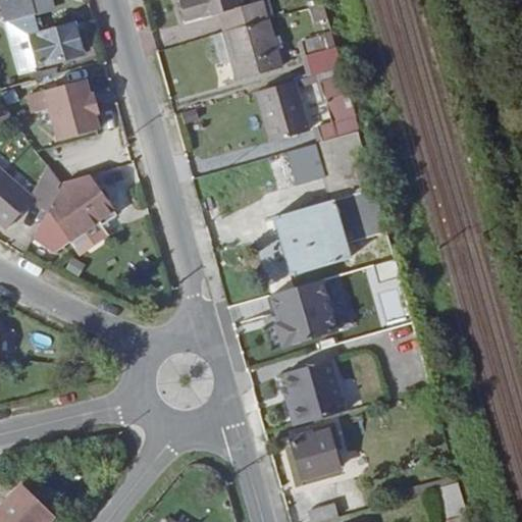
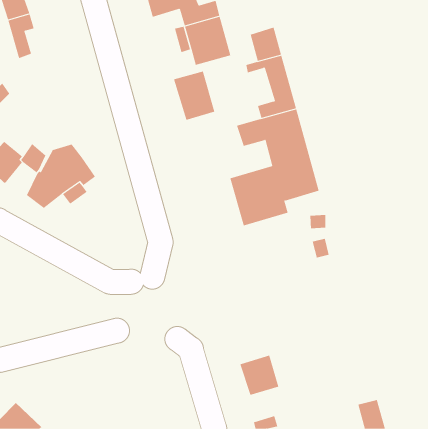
building: [31,25,83,65] -> none
building: [30,79,101,139] -> none
building: [256,81,307,141] -> [173,71,215,120]
building: [267,279,335,346] -> none
building: [284,360,346,426] -> none

